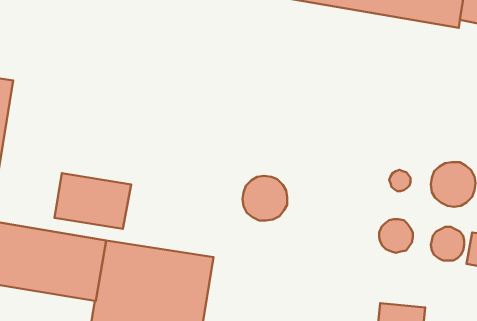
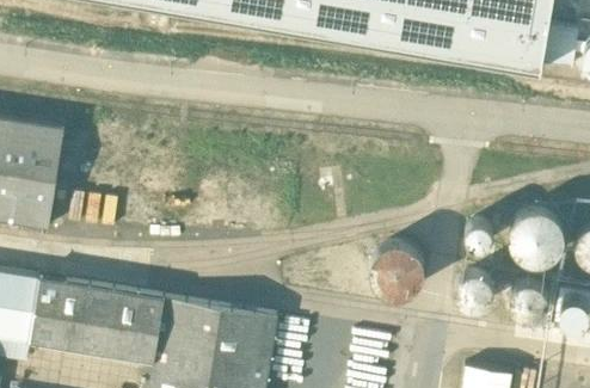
building: [55,173,131,229] -> none
building: [242,176,287,221] -> [365,242,413,290]

